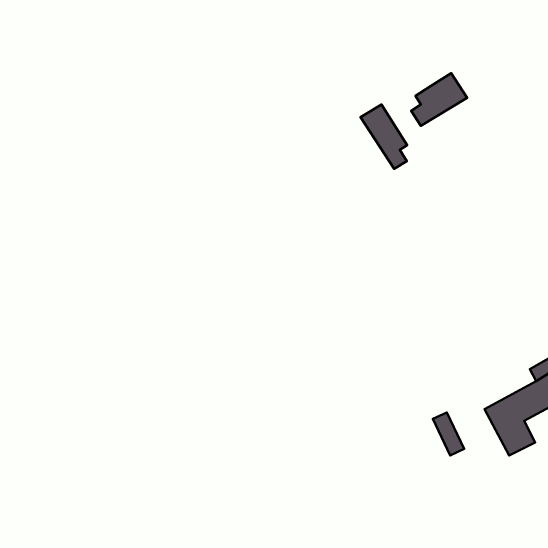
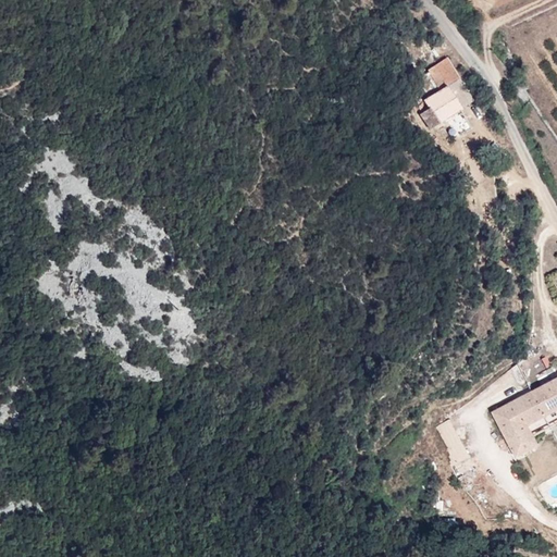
building: none -> [425,57,458,87]
building: [360,104,407,169] -> none

